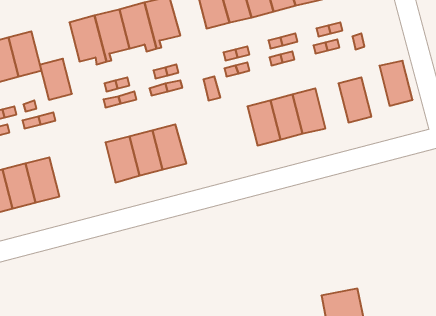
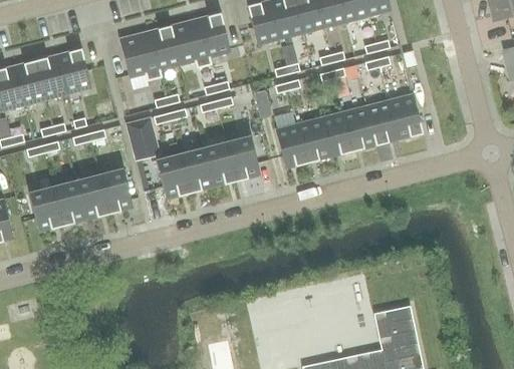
building: [40,59,72,100] -> [127,119,160,160]
building: [379,61,413,106] -> [366,100,400,145]
building: none -> [275,123,308,168]
building: none -> [226,135,260,180]
building: none -> [99,168,133,214]

